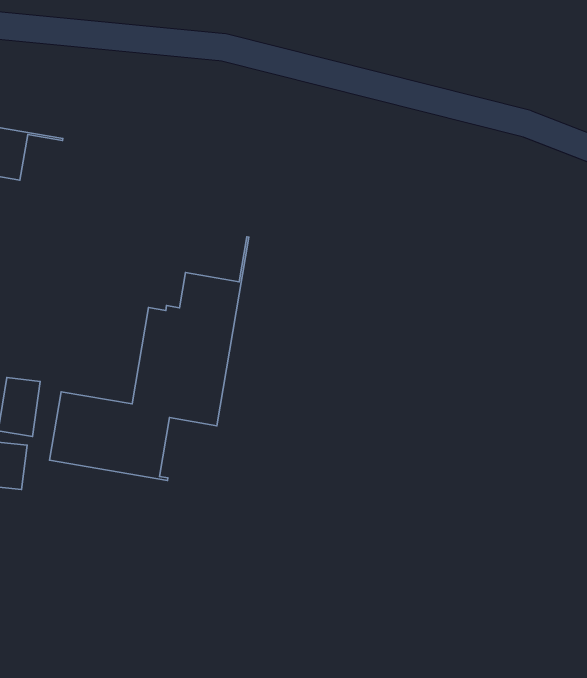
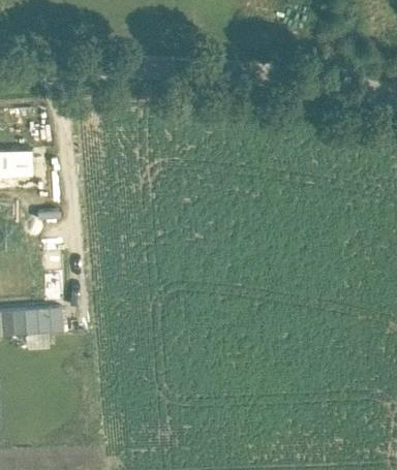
building: [49,237,249,480] -> none

